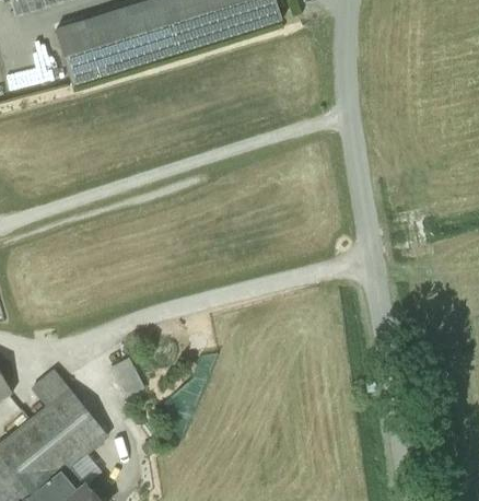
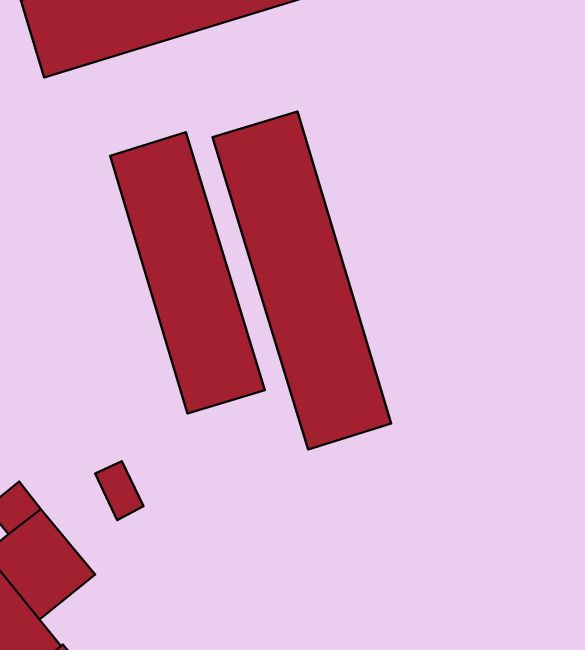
building: none -> [212,112,391,450]
building: none -> [110,132,265,414]

